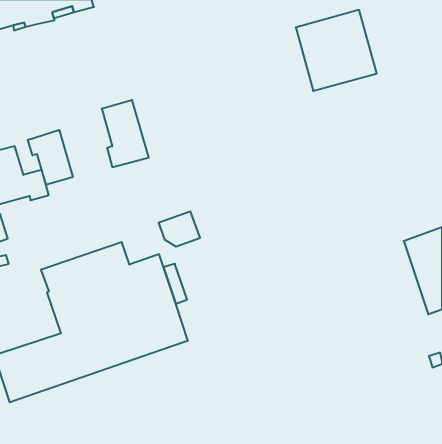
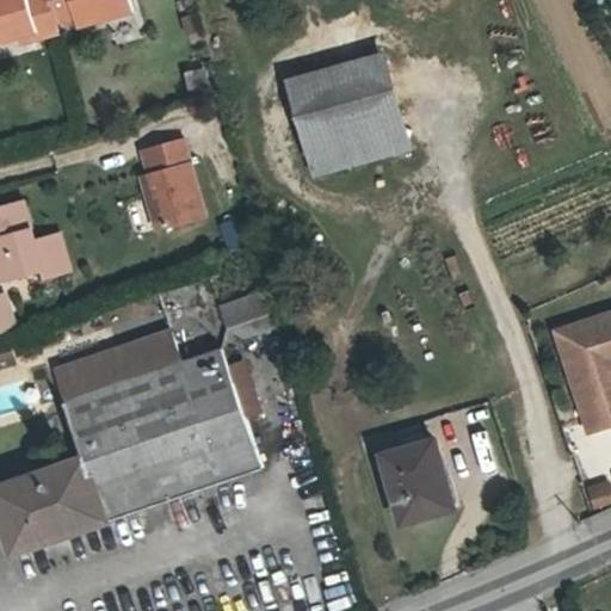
building: [296,10,377,91] -> [292,57,403,168]
building: [28,130,73,185] -> none
building: none -> [381,440,451,521]

